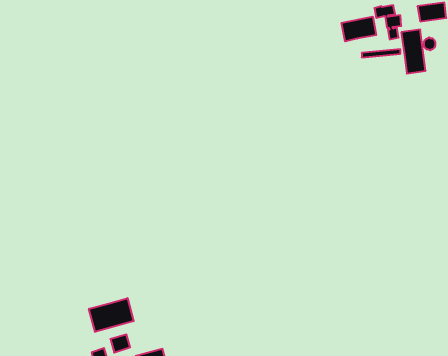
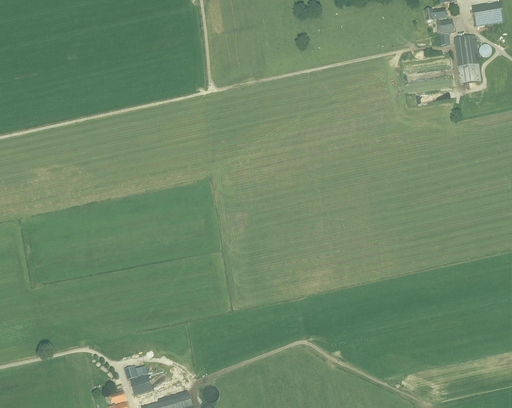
building: [342,17,376,41] -> none
building: [89,298,134,332] -> none

